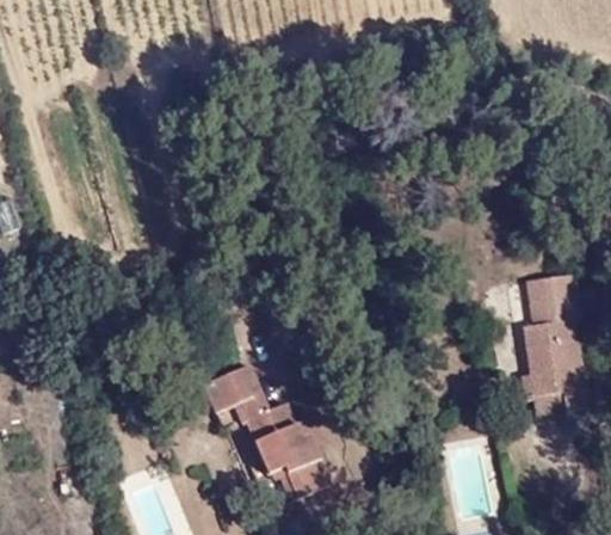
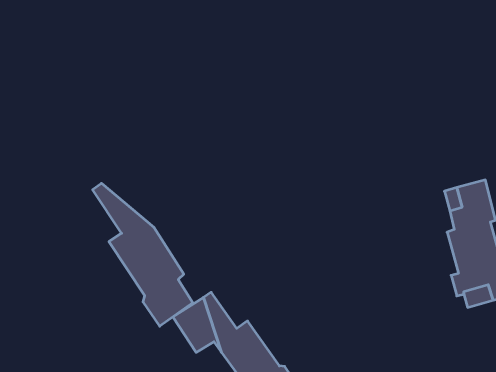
building: none -> [93,183,193,326]

